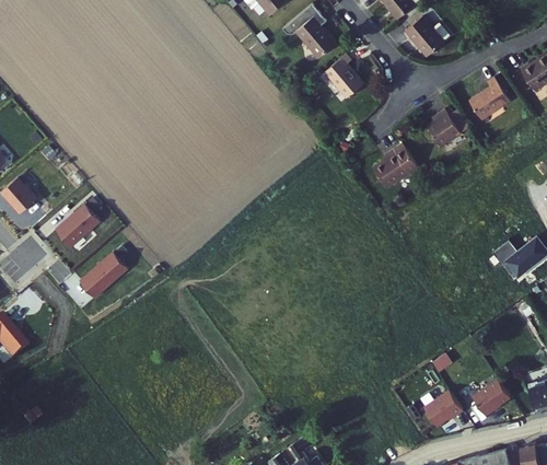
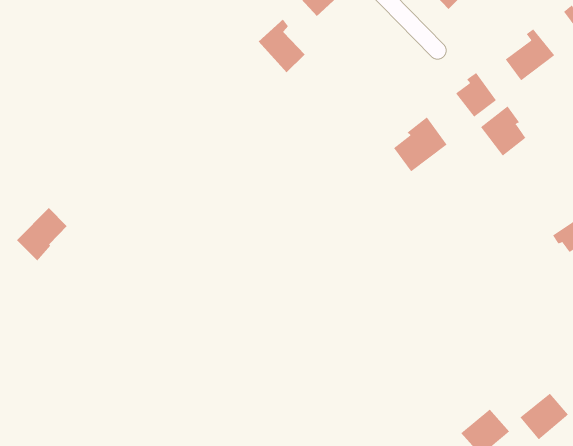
building: [324,53,362,97] -> [258,19,305,73]
building: none -> [480,106,526,157]
building: [83,248,131,294] -> none

